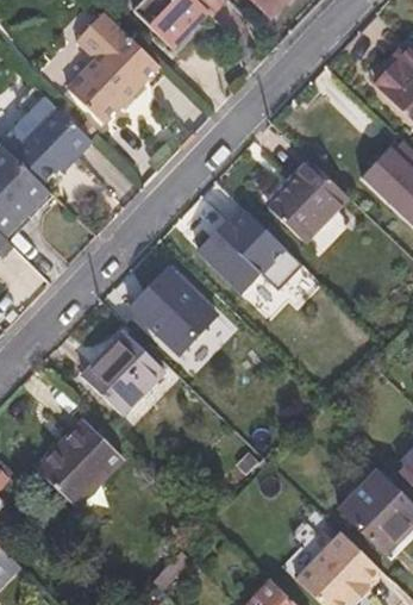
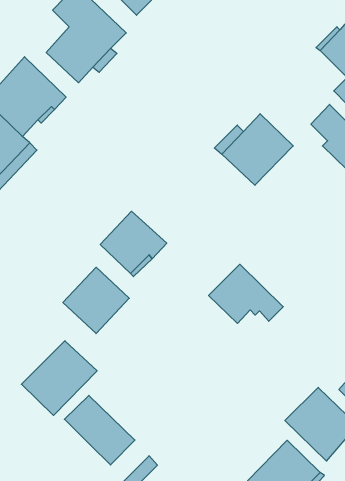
building: [194,214,280,282] -> [209,264,283,323]
building: none -> [64,395,135,465]

